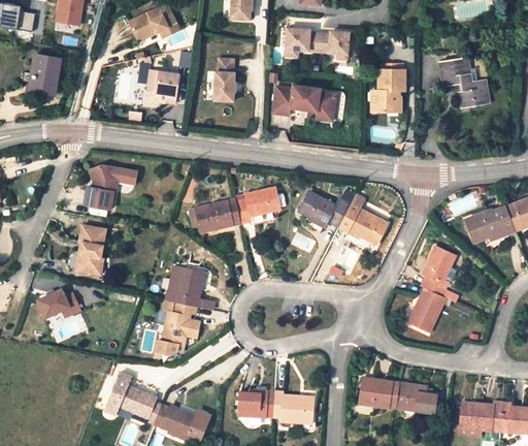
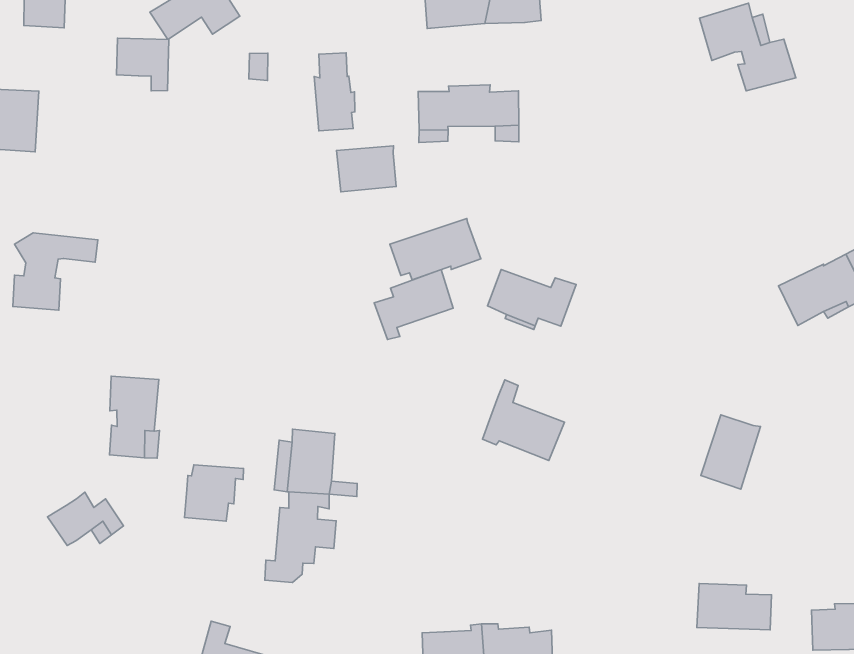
building: [369,68,405,110] -> none
building: [147,70,179,103] -> [116,38,169,91]
building: none -> [337,146,396,192]
building: [82,164,135,210] -> [13,233,98,310]
building: [339,195,387,244] -> [483,380,564,460]
building: [190,199,240,230] -> [390,219,481,280]
building: [421,247,455,296] -> none
building: none -> [184,465,244,521]
building: [359,377,400,408] -> none

